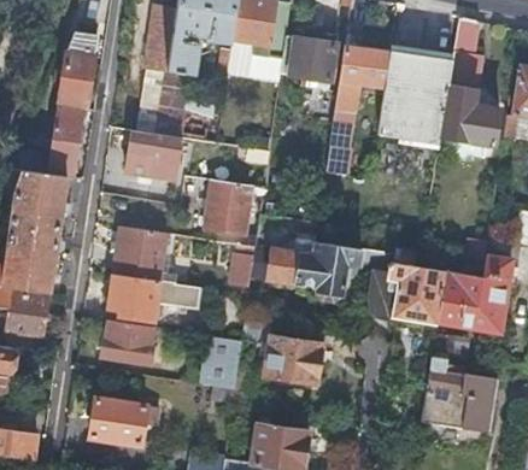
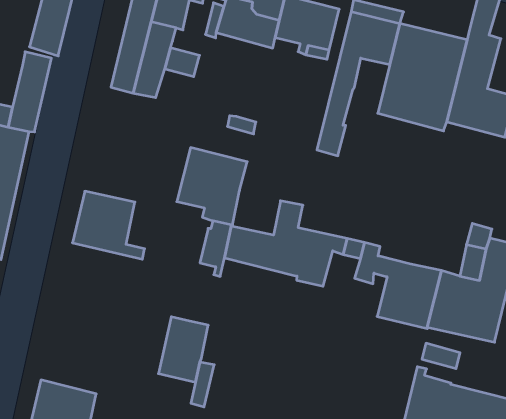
building: [125,129,180,181] -> none
building: [108,272,204,318] -> none
building: [242,317,321,382] -> none
building: [101,318,154,362] -> none

